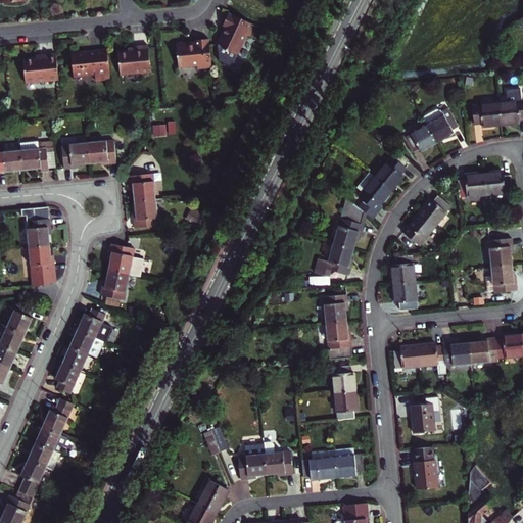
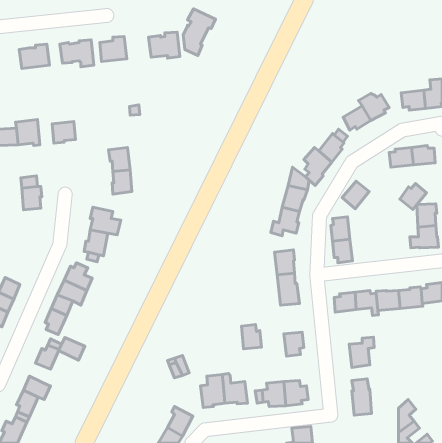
building: [87,141,115,165] -> none
building: [419,195,450,226] -> [400,183,427,209]
building: [28,245,53,287] -> none
building: [6,304,31,335] -> none
building: [332,365,355,393] -> [242,325,262,349]
building: [35,428,65,455] -> [59,338,85,360]

